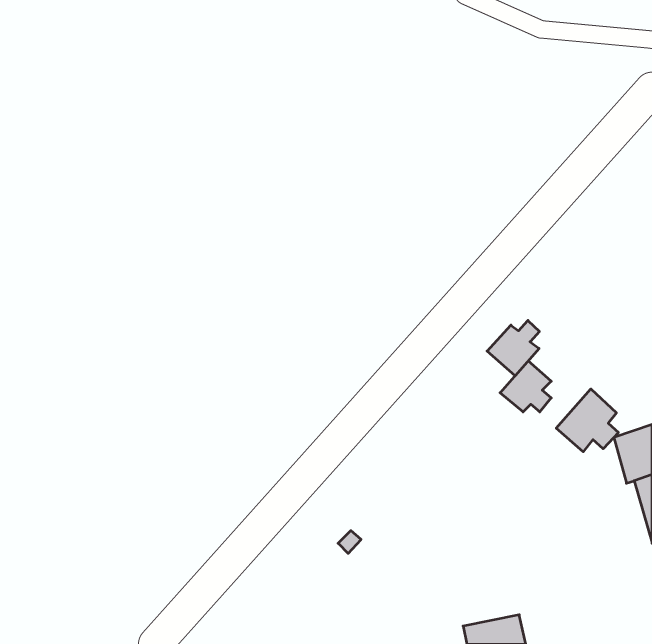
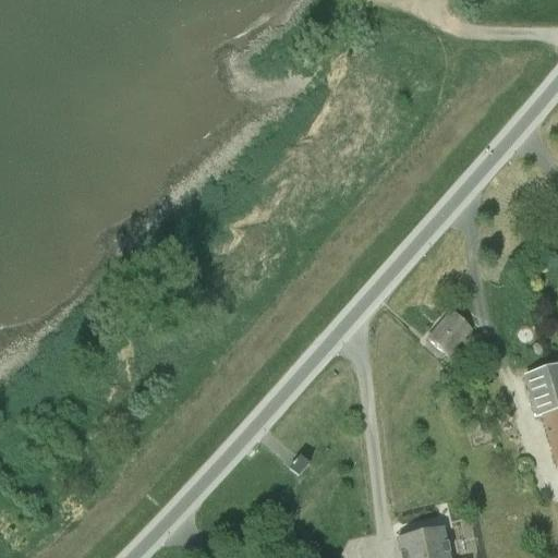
building: [487,320,539,376] -> none
building: [556,389,618,452] -> none

